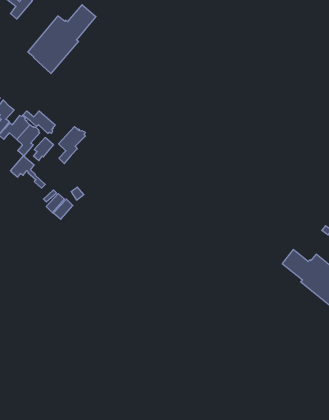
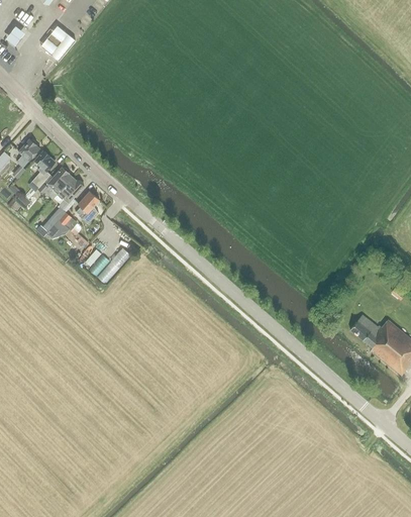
building: [28,5,96,74] -> none
building: [23,111,55,133] -> none
building: [59,127,85,164] -> none

